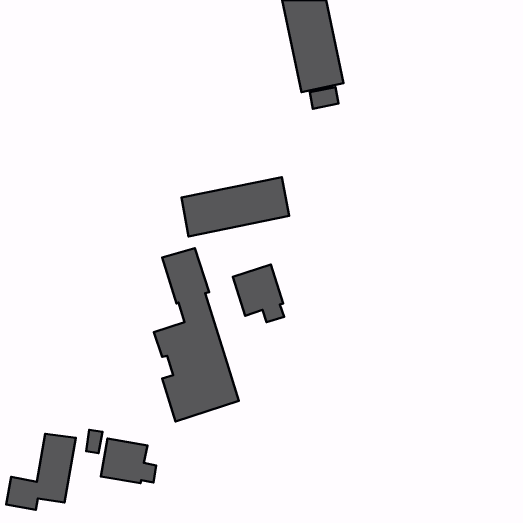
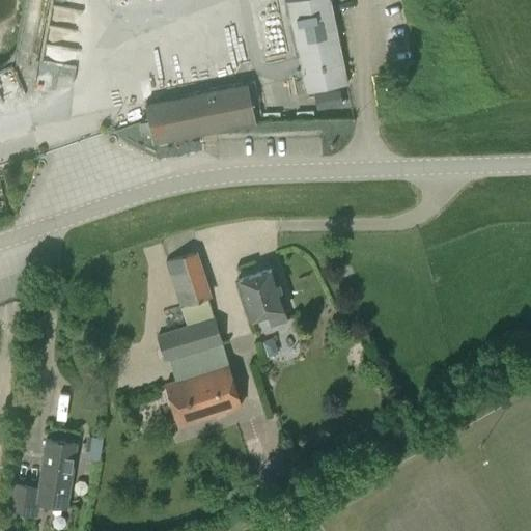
building: [181,177,289,237] -> [146,85,255,145]
building: [101,439,156,483] -> none

